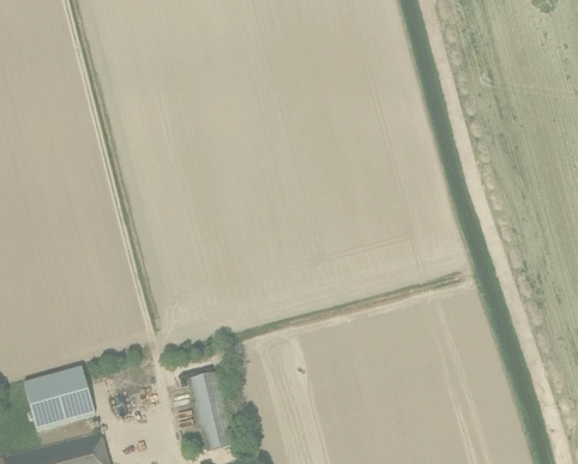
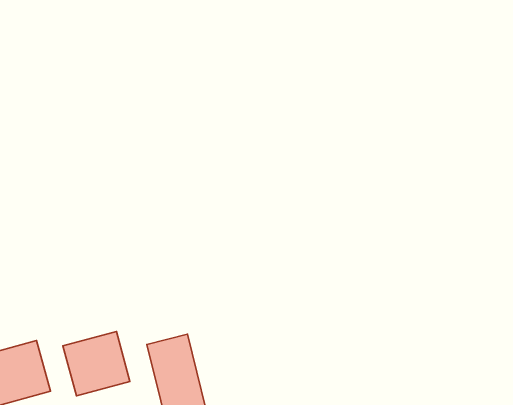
building: none -> [63,332,130,396]

